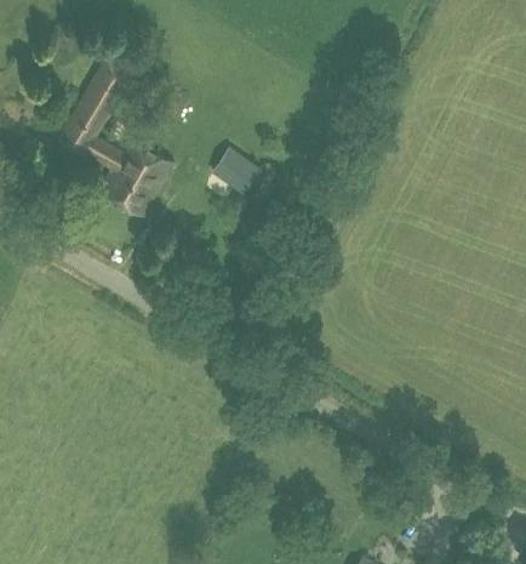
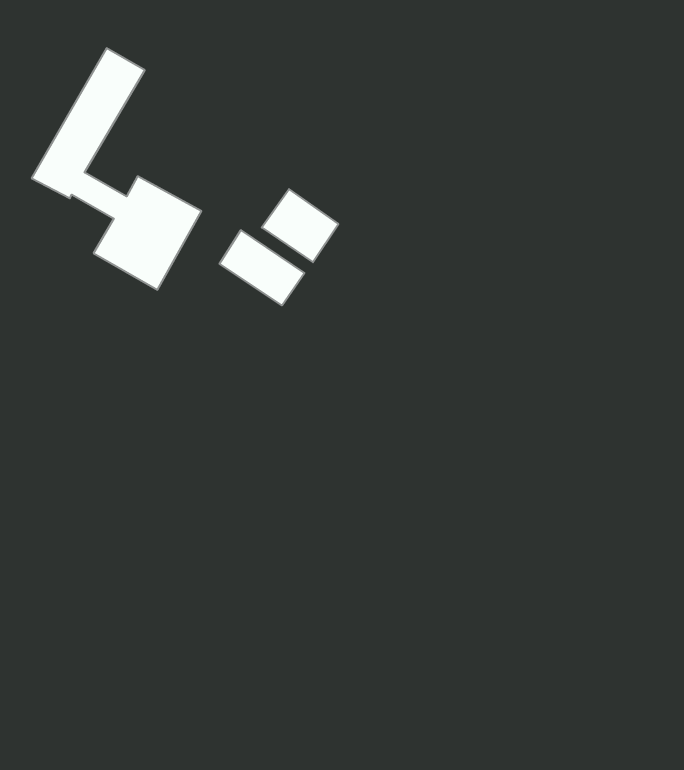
building: none -> [220,230,304,305]

